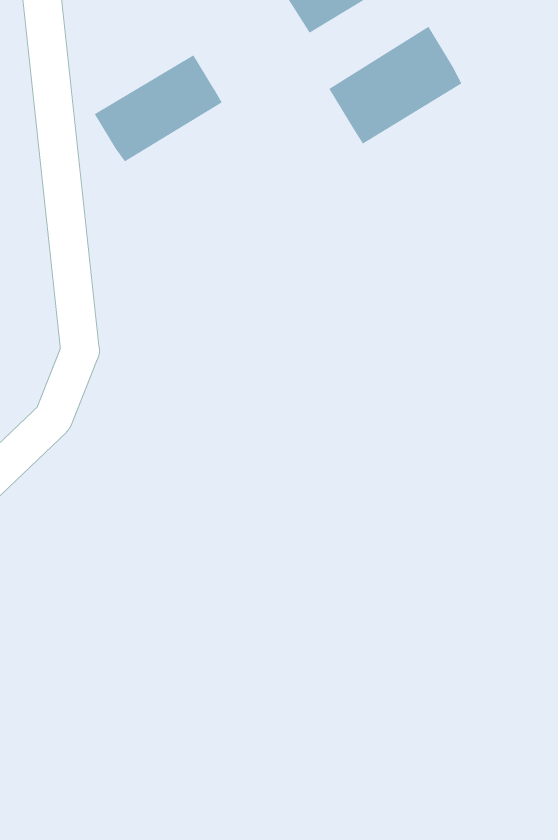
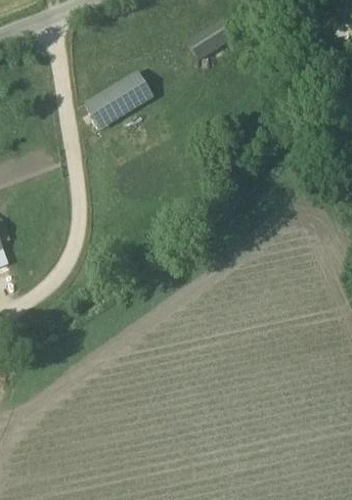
building: [328,26,462,144] -> none

